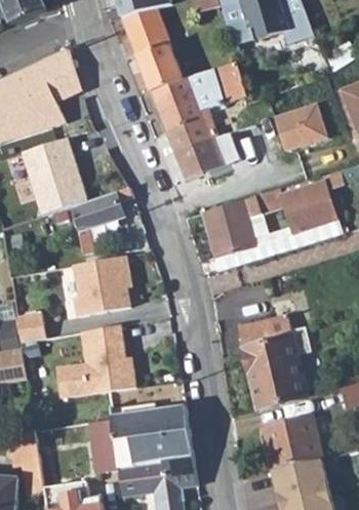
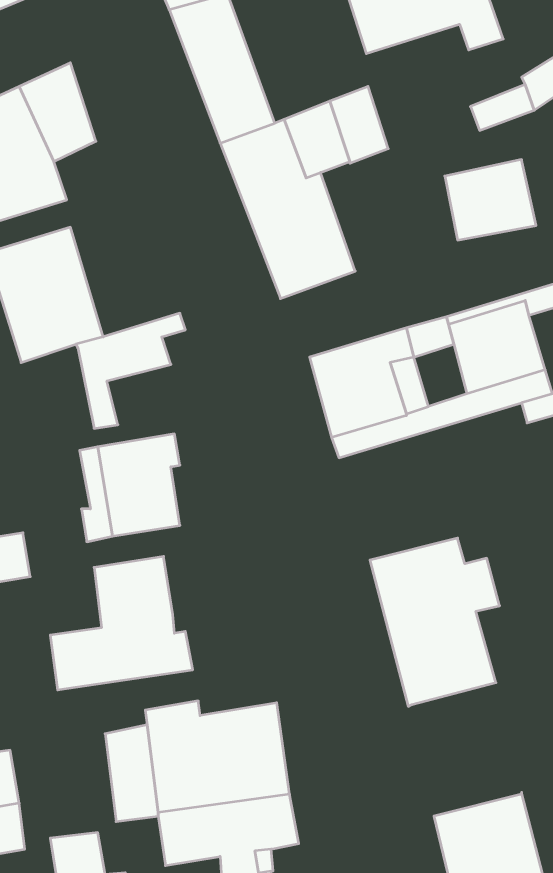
building: [262,417,322,467] -> none

